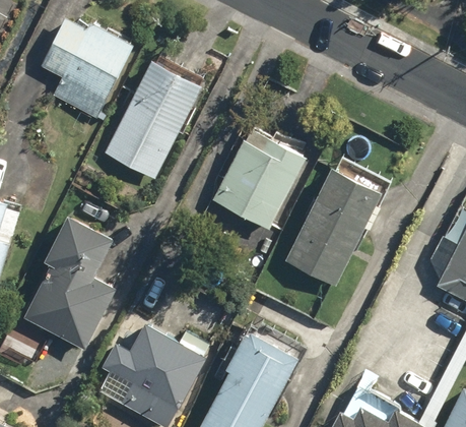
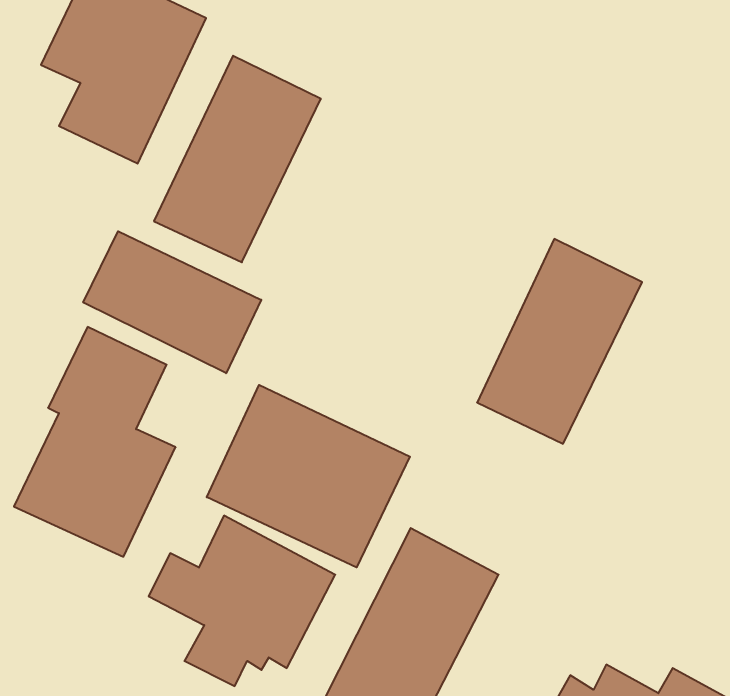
building: [212,136,307,229] -> none
building: none -> [83,231,261,373]
building: none -> [207,385,410,567]

